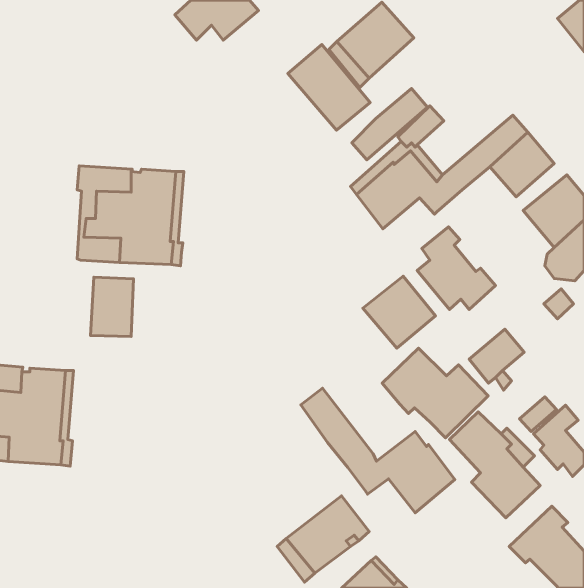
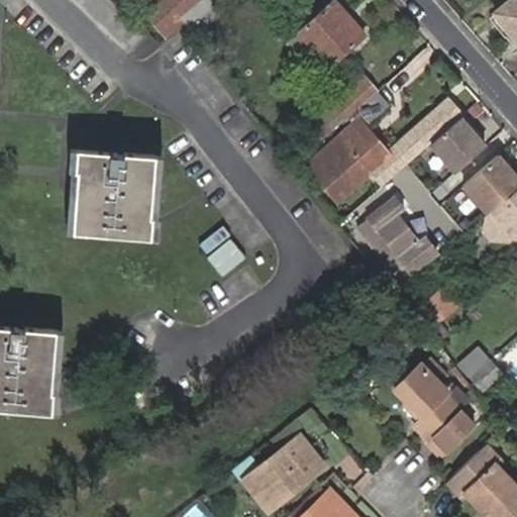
building: [288,45,370,130] -> none
building: [363,276,436,348] -> none
building: [90,277,133,336] -> none
building: [382,348,488,438] -> none
building: [301,388,455,513] -> none

